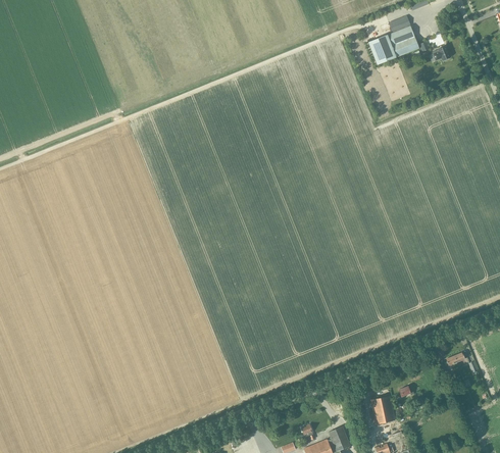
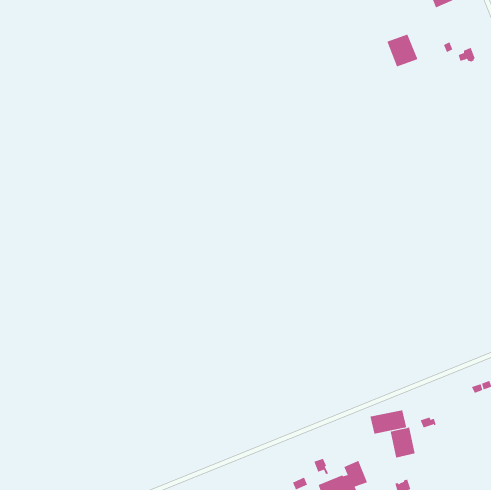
building: [388,15,419,56] -> none
building: none -> [370,409,407,434]

